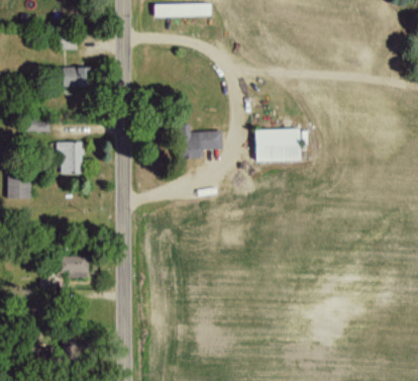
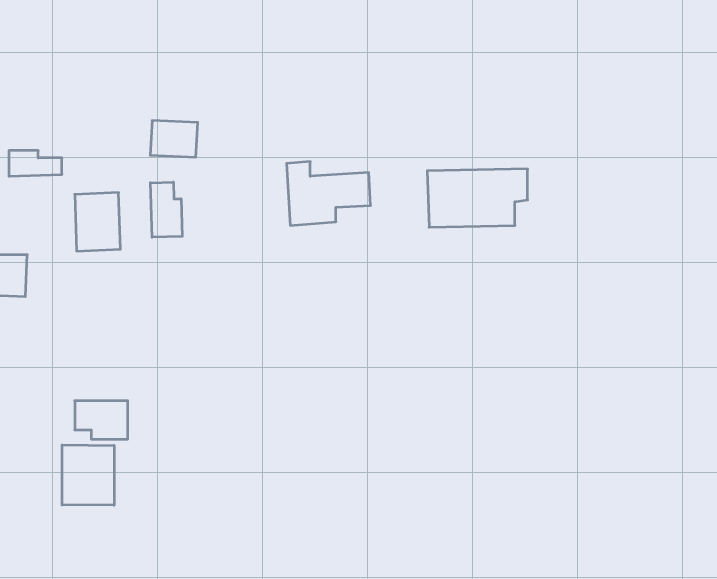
building: [63,67,89,87] -> [150,121,198,157]
building: none -> [150,182,182,237]
building: none -> [62,445,114,505]

